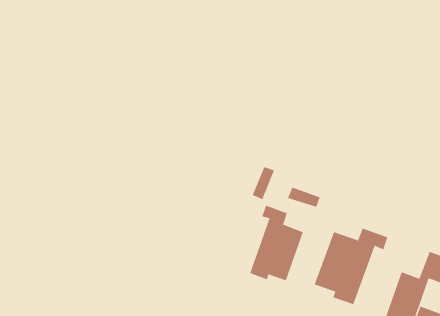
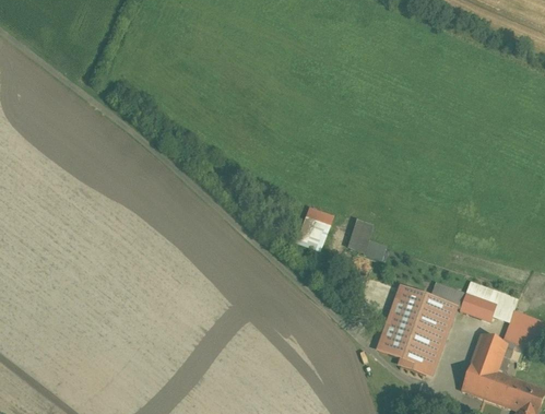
building: [249,205,304,281] -> none
building: none -> [459,293,496,320]

